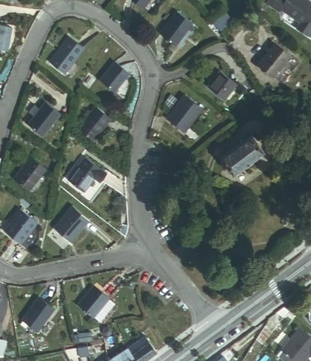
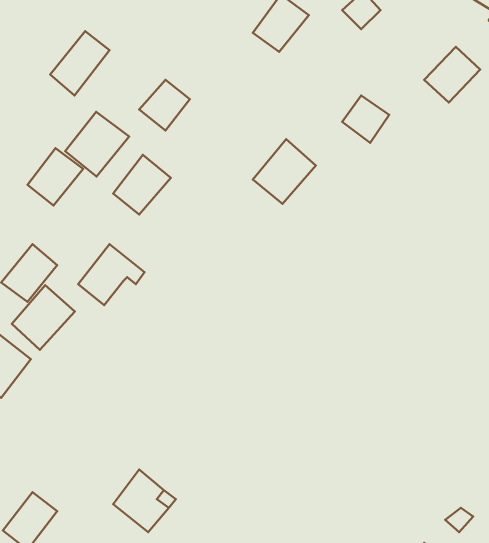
building: none -> [65,112,129,176]
building: [215,138,259,179] -> none
building: [52,209,88,246] -> [12,285,75,350]

